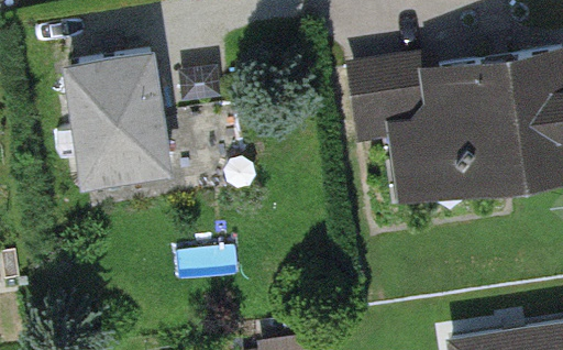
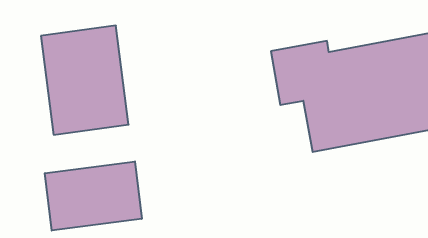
building: none -> [45,161,142,231]

